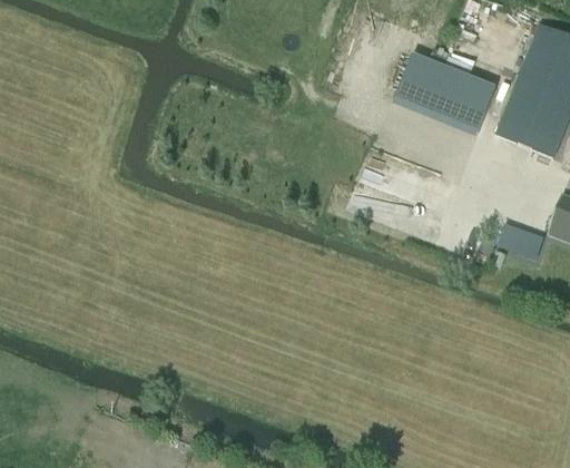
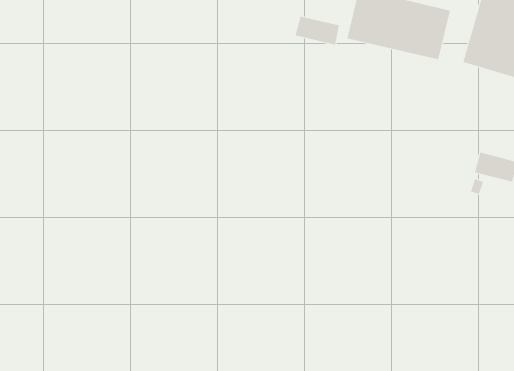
building: none -> [295,16,340,46]

